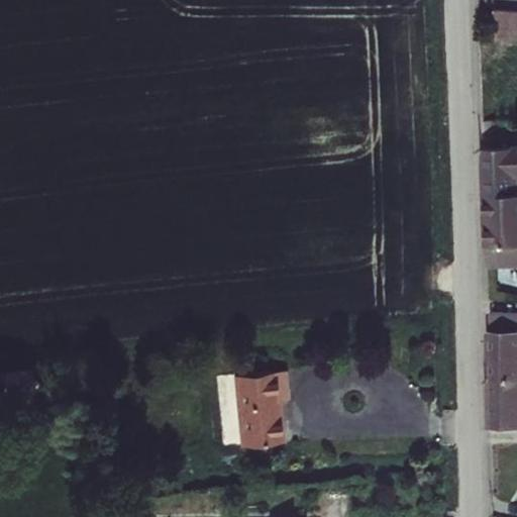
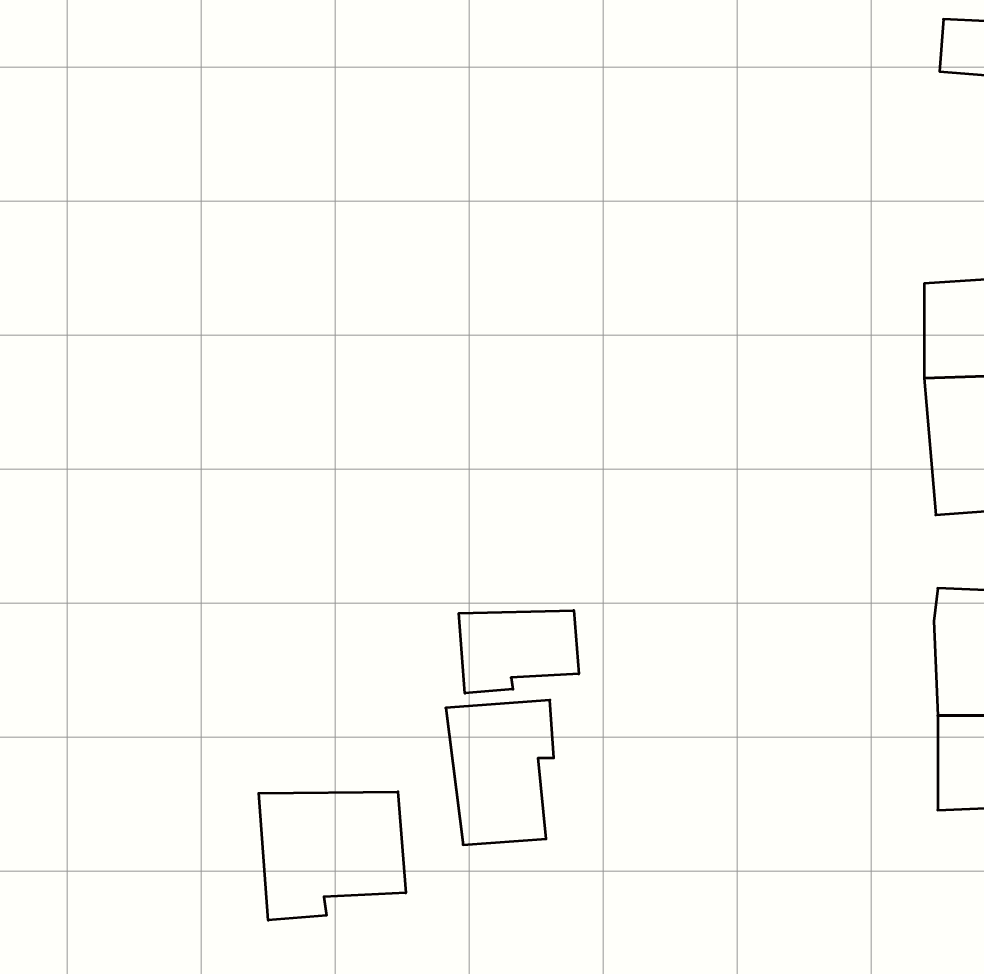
building: none -> [459,610,579,693]
building: none -> [259,792,406,920]

